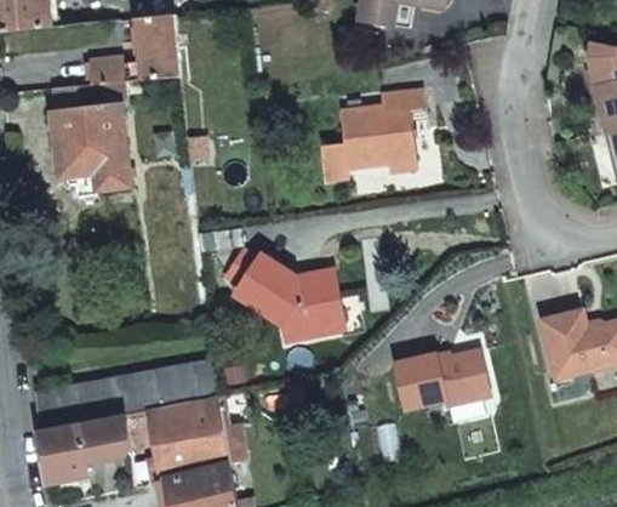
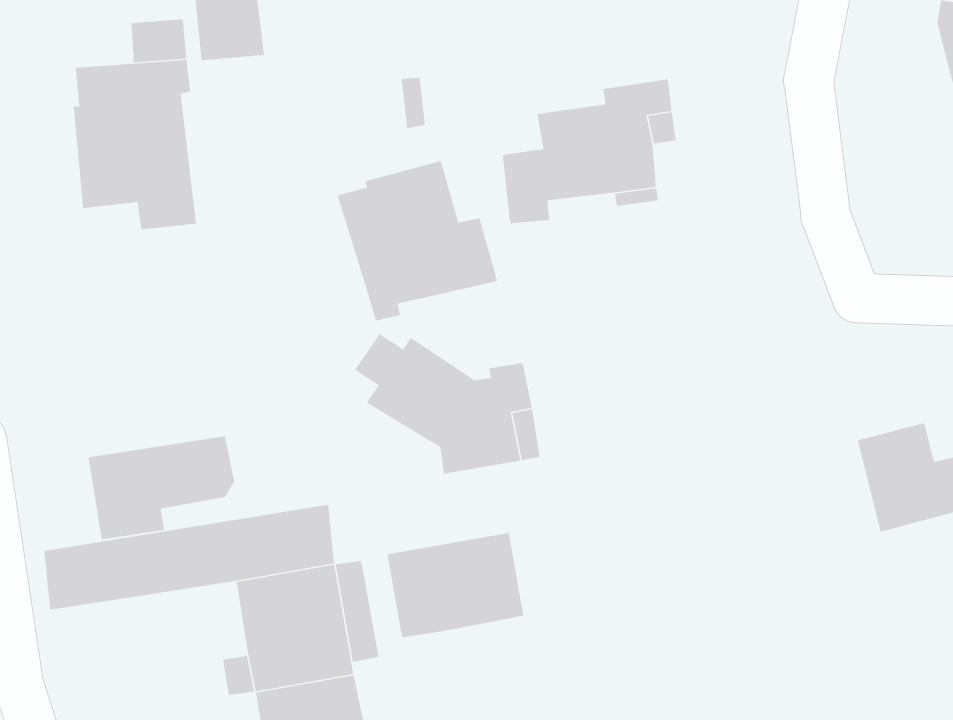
building: none -> [337,160,498,321]
building: [395,349,493,409] -> none
building: none -> [387,532,524,638]
building: [36,412,128,478] -> [88,435,235,540]

